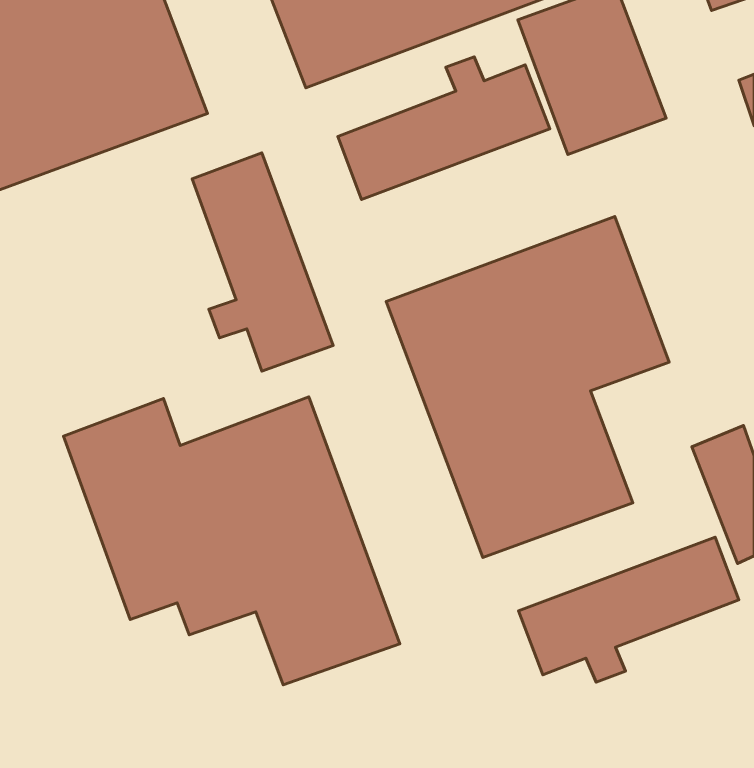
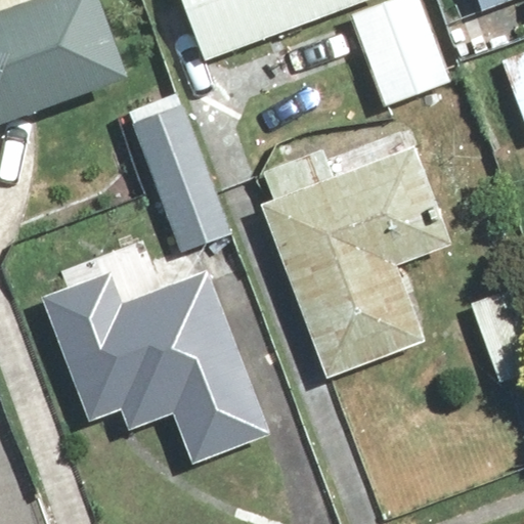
building: [338,57,550,199] -> none
building: [518,537,739,682] -> none

